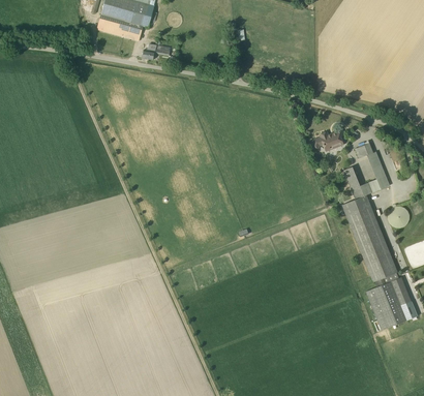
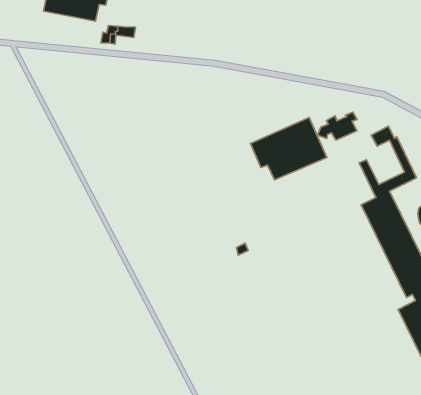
building: none -> [250,118,327,180]

